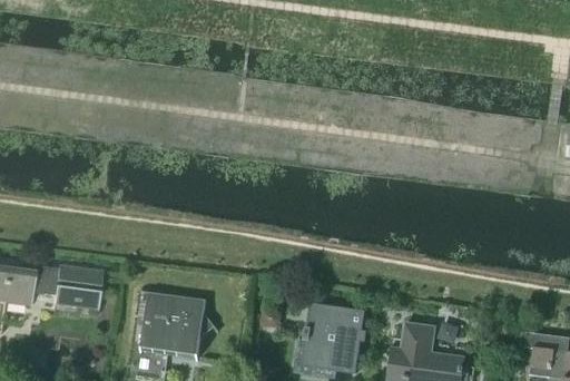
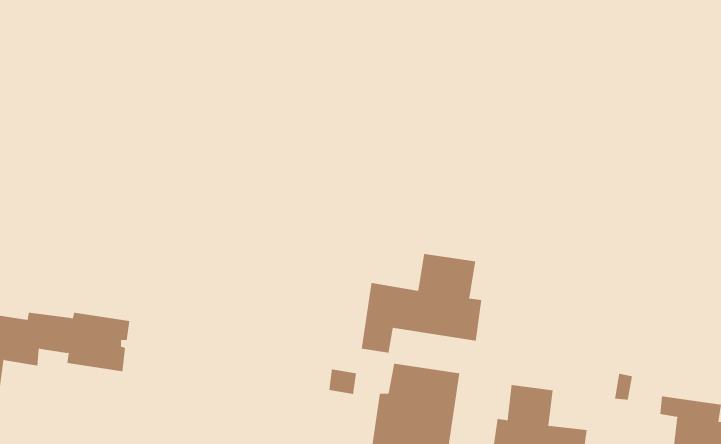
building: none -> [361,253,482,354]
building: [140,292,213,353] -> none

